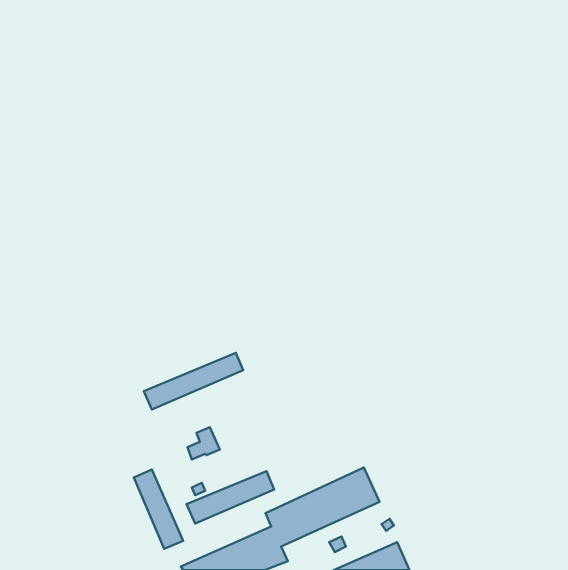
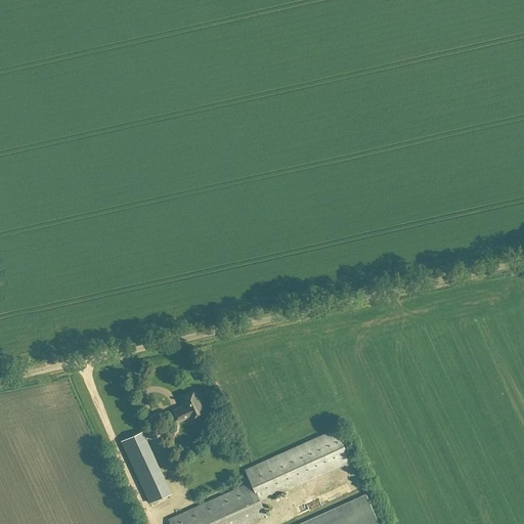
building: [144,353,243,409] -> none
building: [187,471,274,524] -> none

